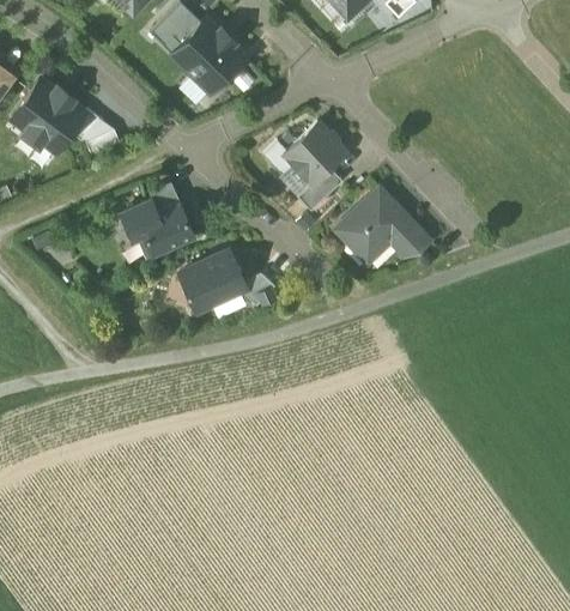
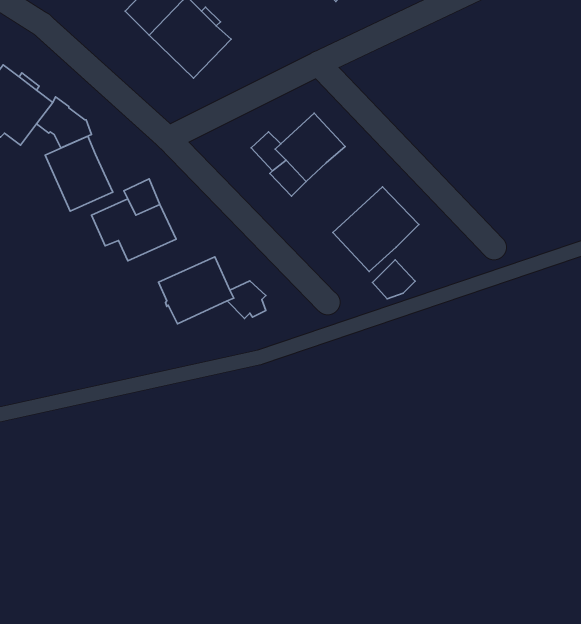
building: none -> [45,136,113,211]
building: [299,168,344,211] -> none
building: [393,223,431,258] -> [372,260,415,299]

